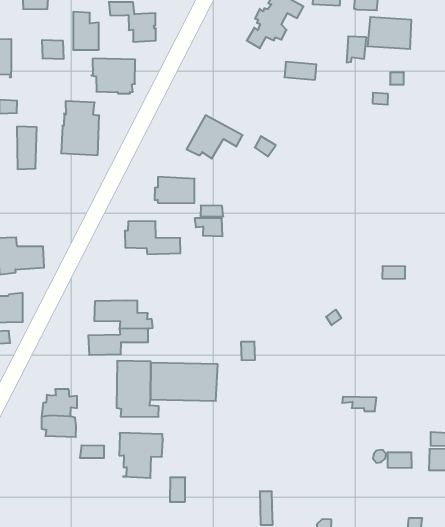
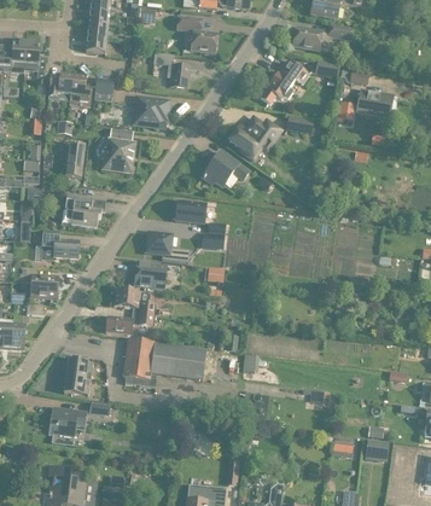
building: [73,12,99,50] -> [69,72,92,105]
building: none -> [229,110,278,153]
building: none -> [60,193,101,226]
building: none -> [134,261,165,287]
building: [119,433,163,478] -> [49,407,86,446]

